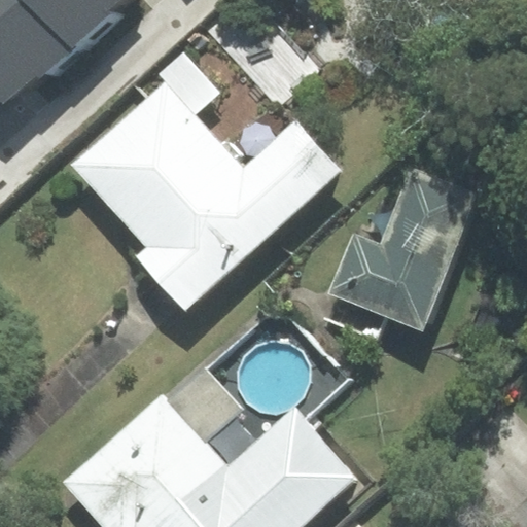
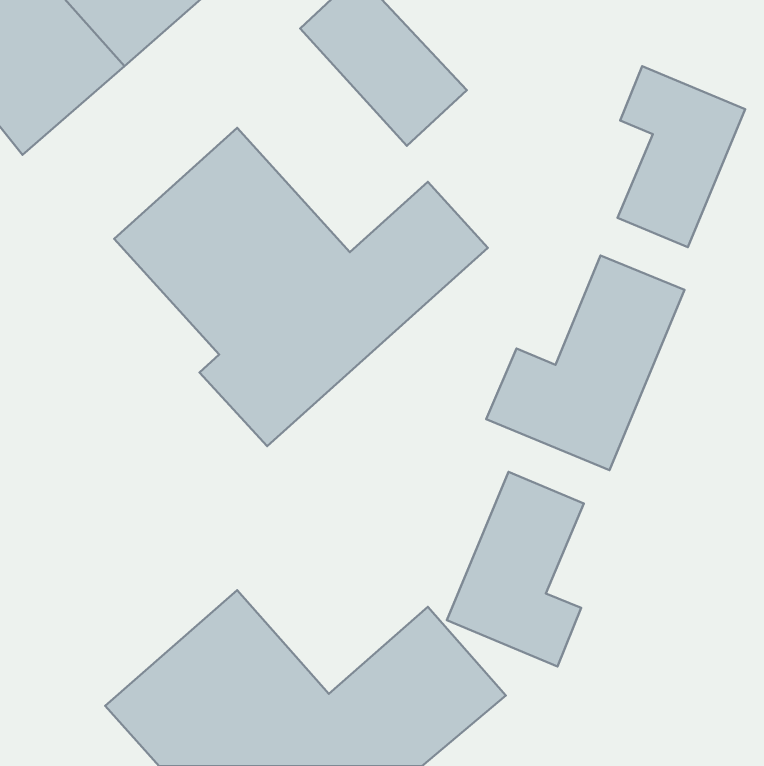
building: none -> [618,66,745,247]
building: none -> [447,472,584,666]

